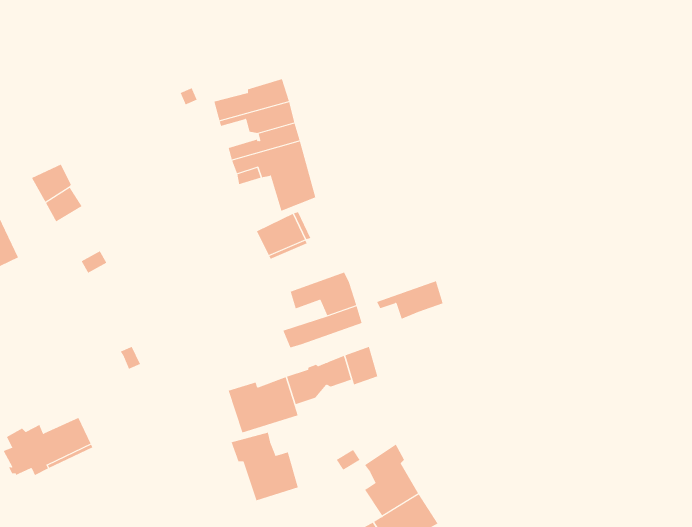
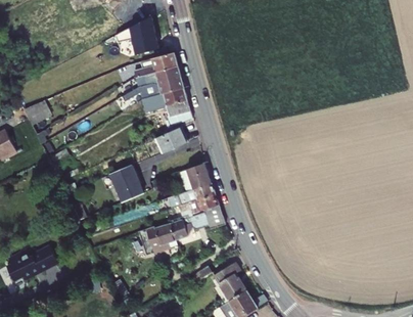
building: none -> [111,18,154,54]
building: none -> [112,165,144,200]
building: [376,280,444,319] -> [181,192,220,215]
building: [231,432,298,501] -> none

